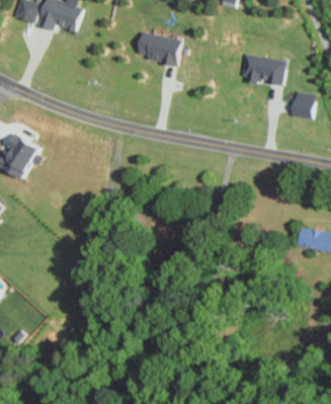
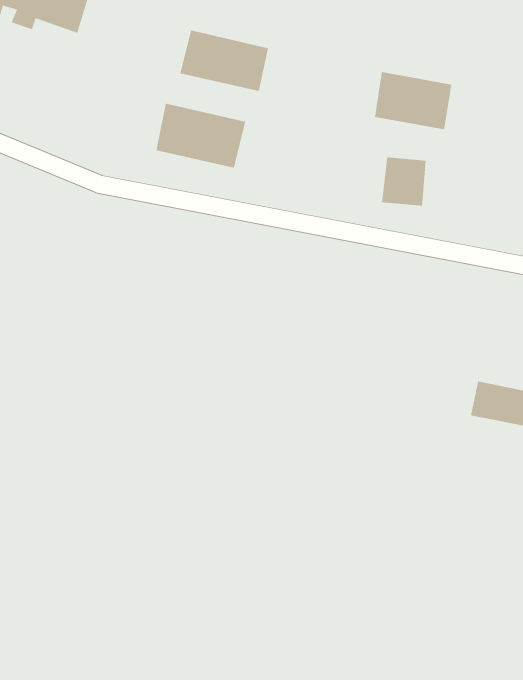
building: none -> [156,103,246,168]
building: [291,91,316,118] -> [381,157,427,206]

